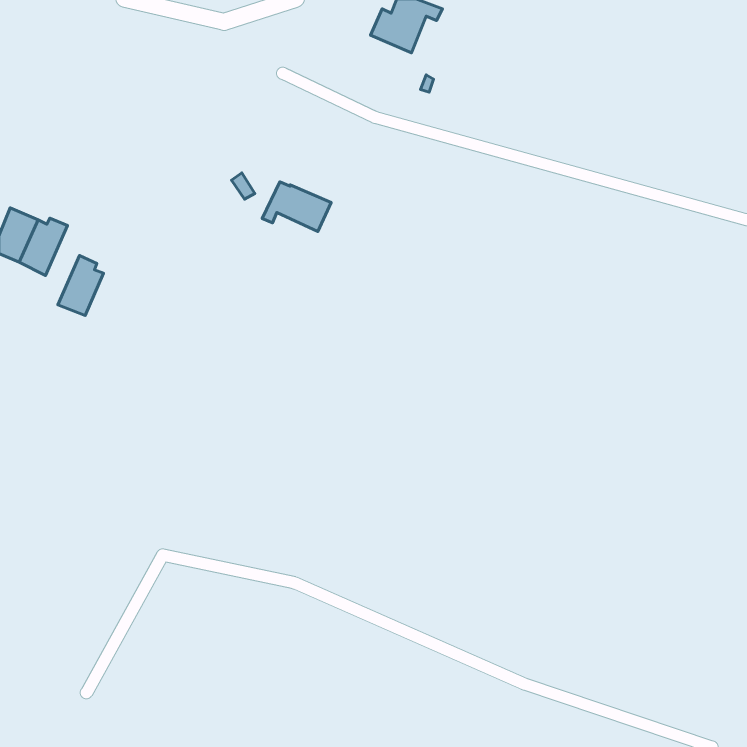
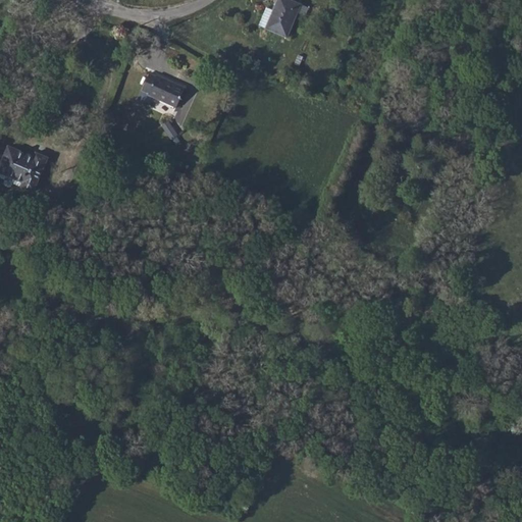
building: [262,182,331,232] -> [137,72,185,107]
building: [58,256,104,316] -> none

